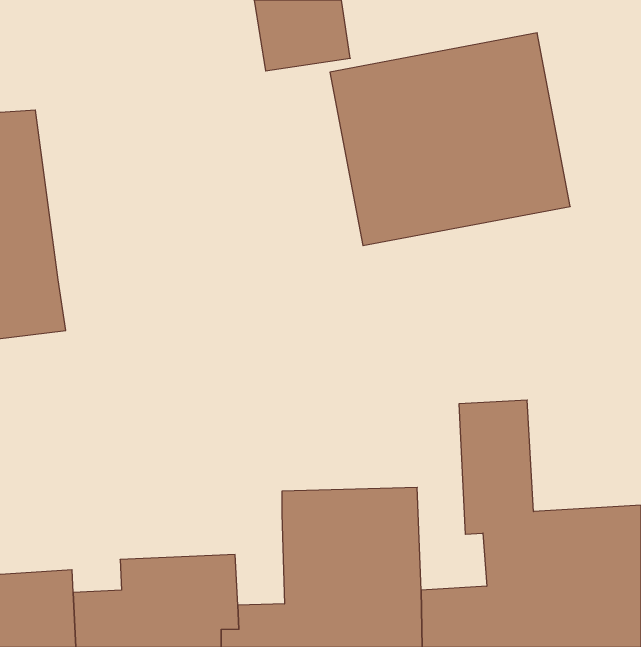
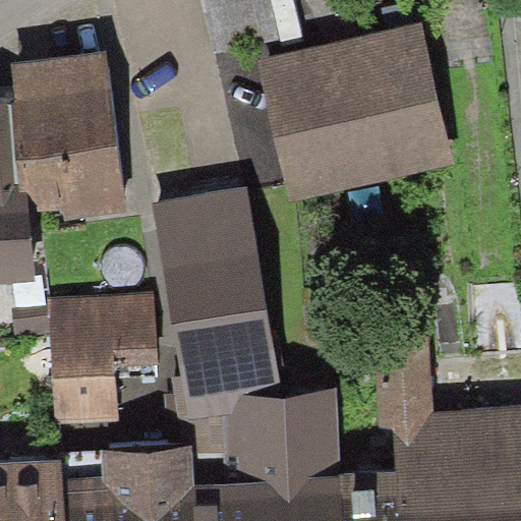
building: none -> [24,49,137,225]
building: none -> [150,186,276,396]
building: none -> [46,292,154,423]

